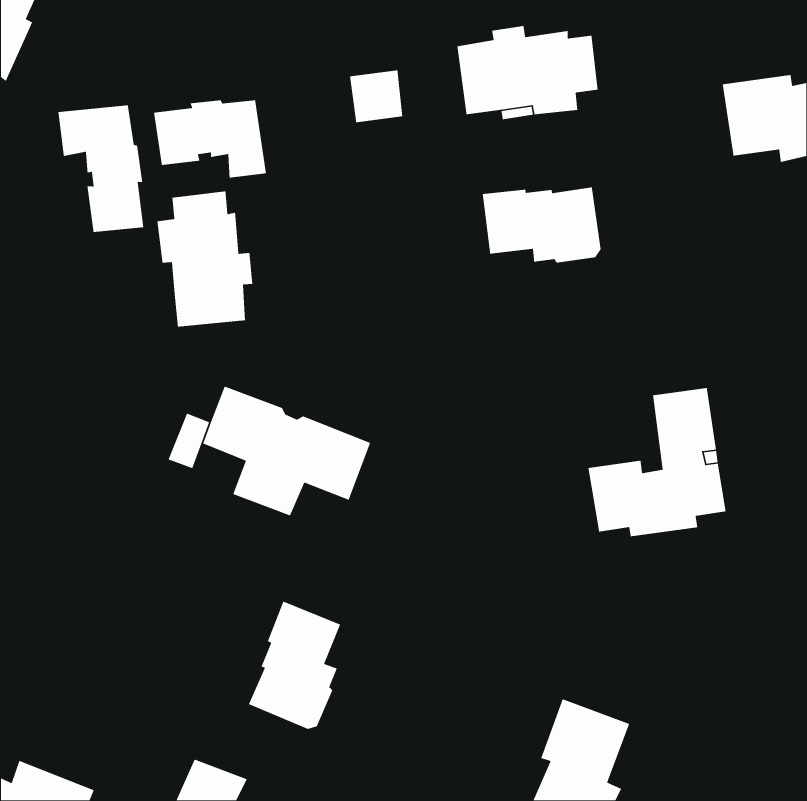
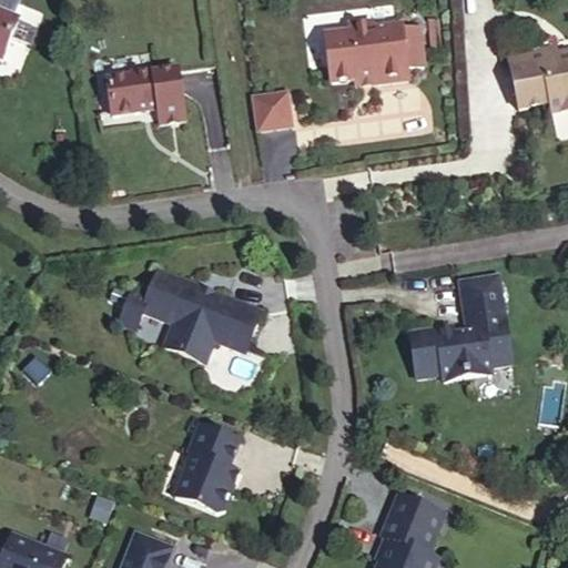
building: [349,69,403,123] -> [251,94,288,132]
building: [57,105,144,233] -> none
building: [482,187,601,264] -> none
building: [157,191,253,327] -> none

